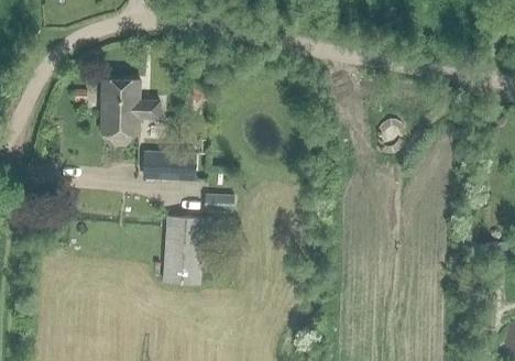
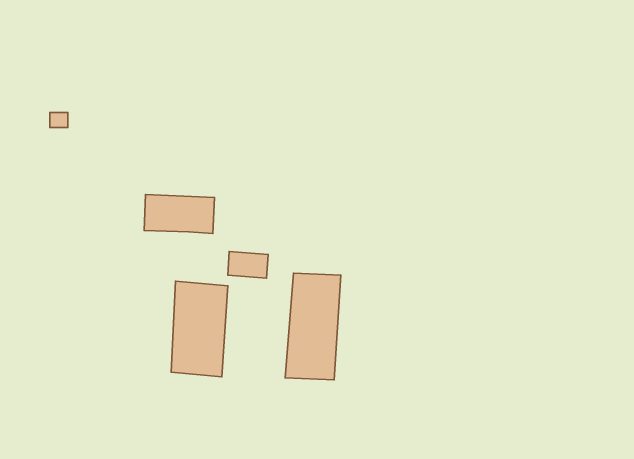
building: [100,78,160,134] -> none
building: none -> [285,273,341,380]

